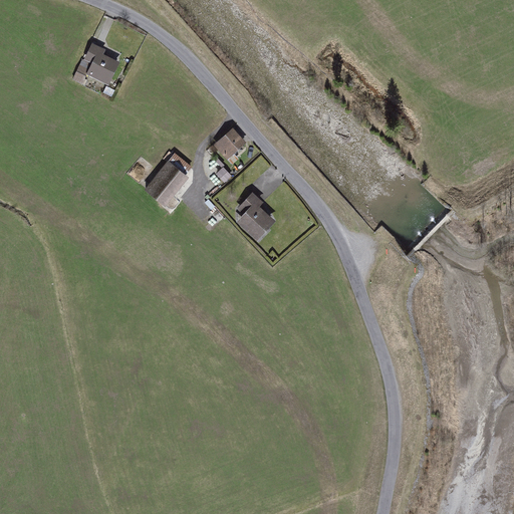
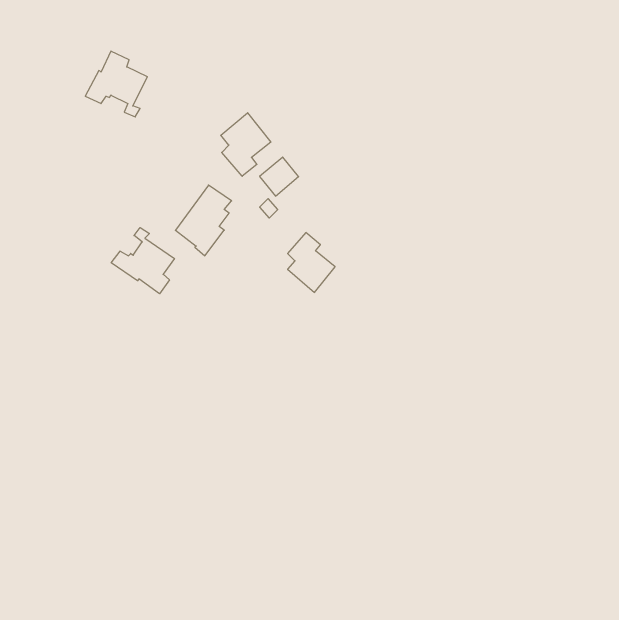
building: none -> [221,113,271,176]
building: none -> [111,228,174,294]

